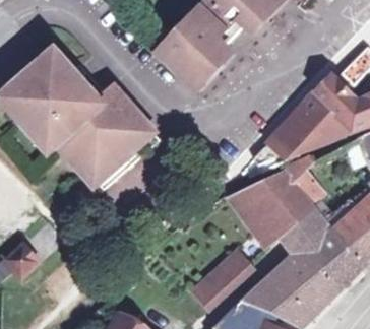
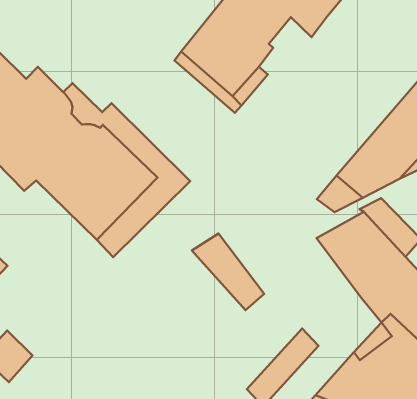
building: [230,187,281,244] -> [192,233,264,310]

